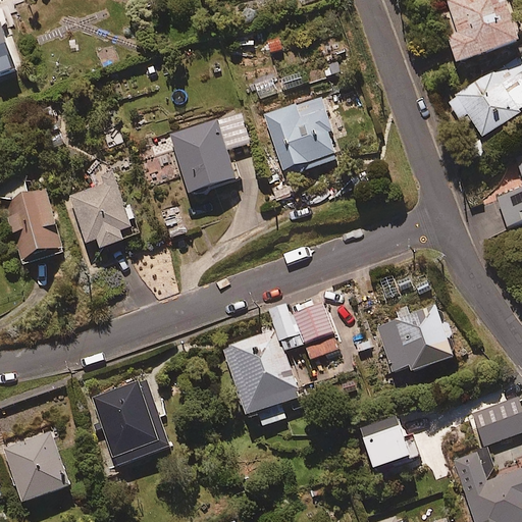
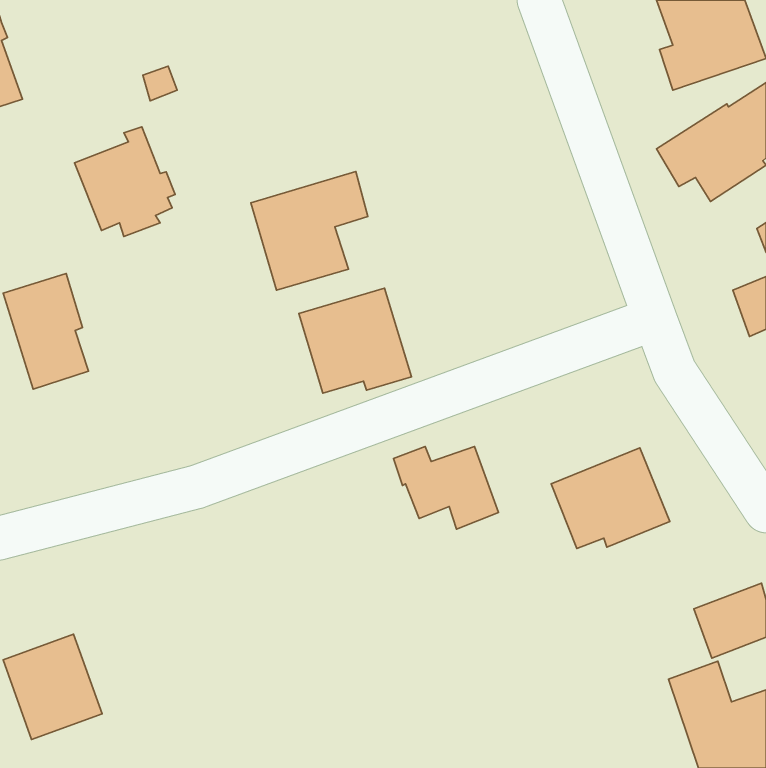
building: [264,97,341,168] -> [299,288,412,393]
building: [66,172,135,247] -> [74,127,175,237]
building: [222,328,300,427] -> none
building: [93,379,170,465] -> none
building: [361,415,410,466] -> none

